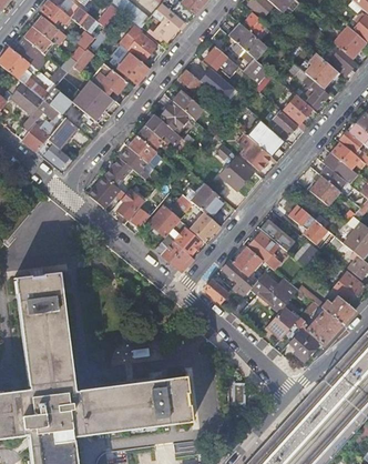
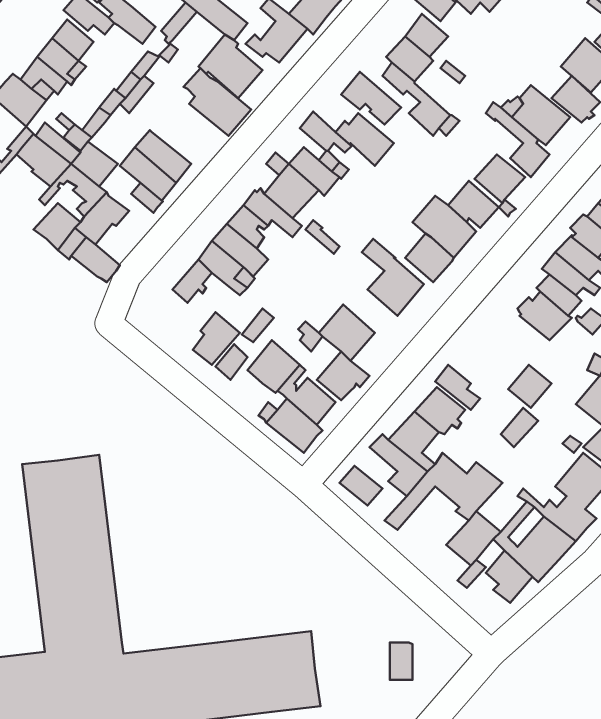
building: [92,62,127,94] -> none
building: [89,174,125,206] -> none

